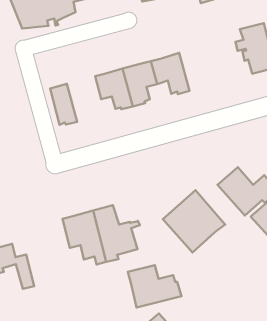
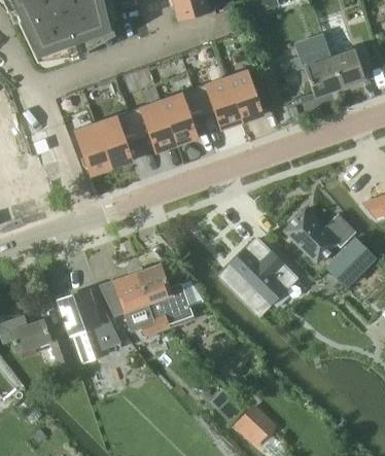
building: none -> [226,71,261,121]
building: none -> [96,112,138,168]
building: none -> [61,289,117,357]
building: [128,265,181,307] -> none

